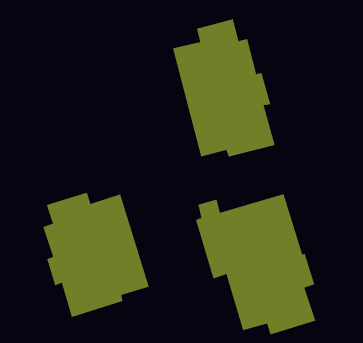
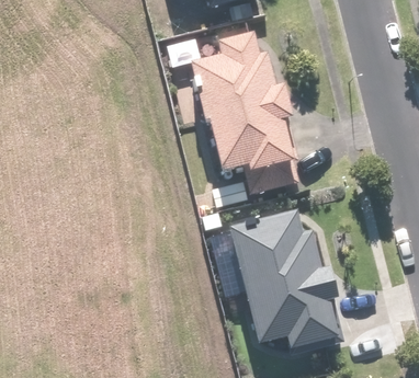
building: [43,192,150,318] -> none

